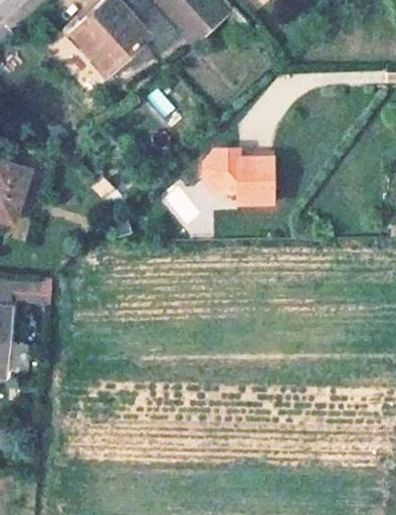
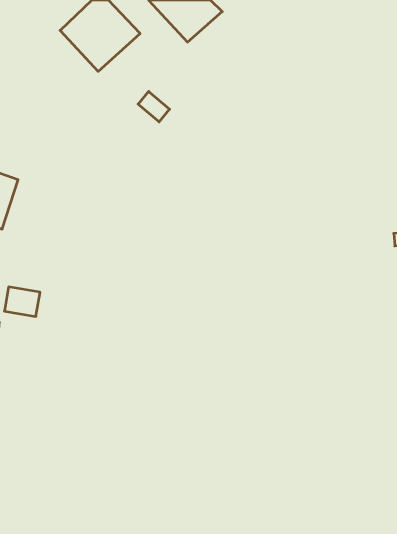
building: [208,153,274,204] -> none

